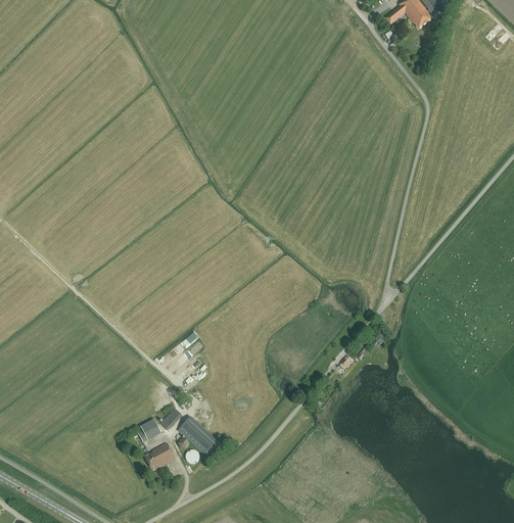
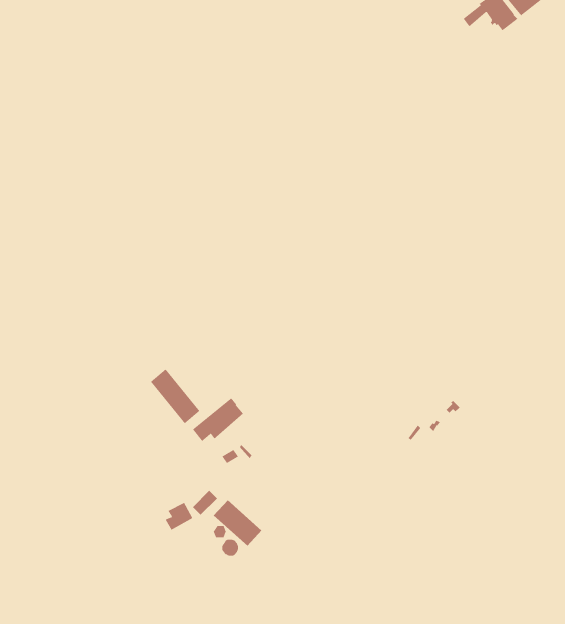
building: none -> [150,368,200,424]
building: [144,441,175,469] -> none

